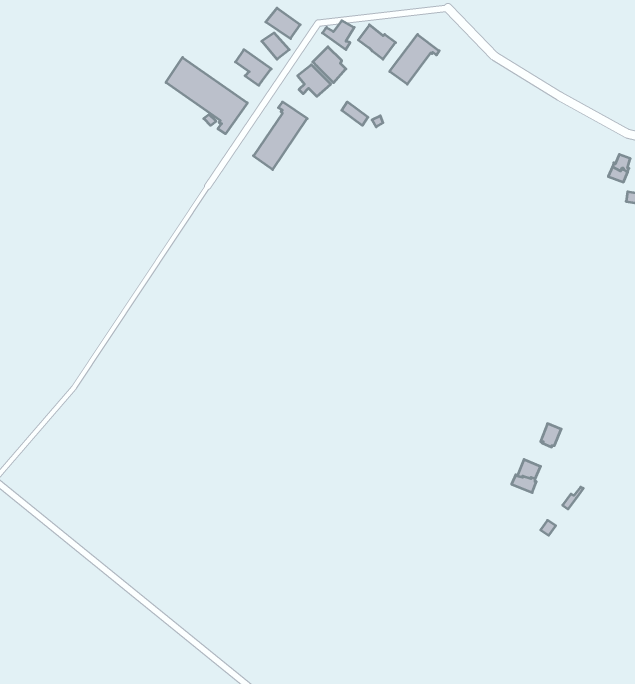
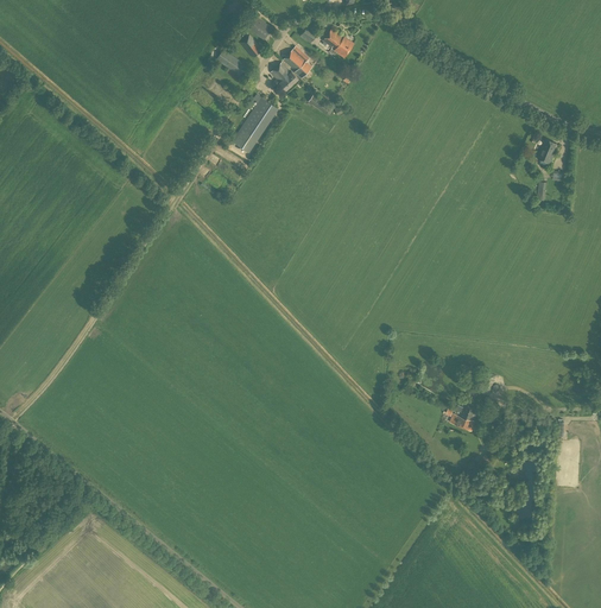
building: [390,34,439,84] -> none
building: [166,57,247,134] -> none

